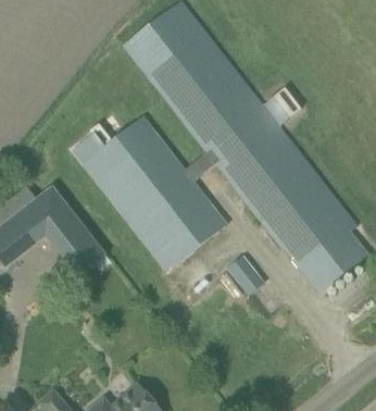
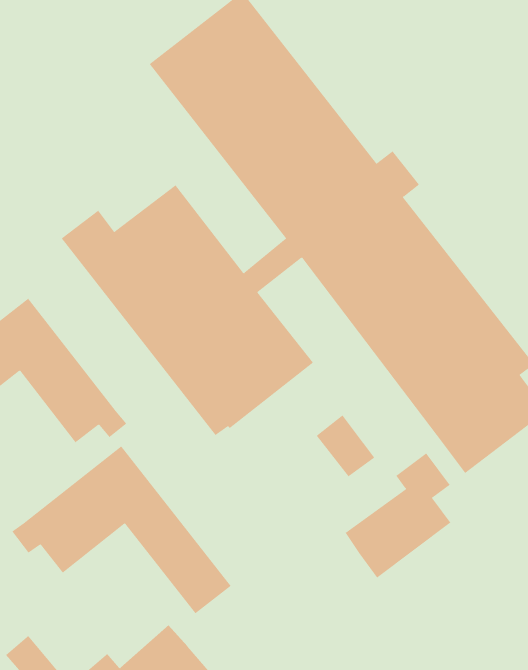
building: none -> [11,446,231,614]
building: none -> [345,453,451,578]

